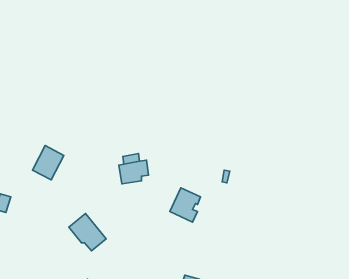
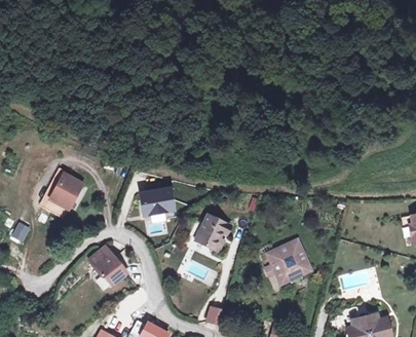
building: none -> [265,240,311,284]

